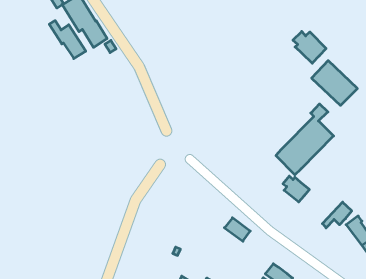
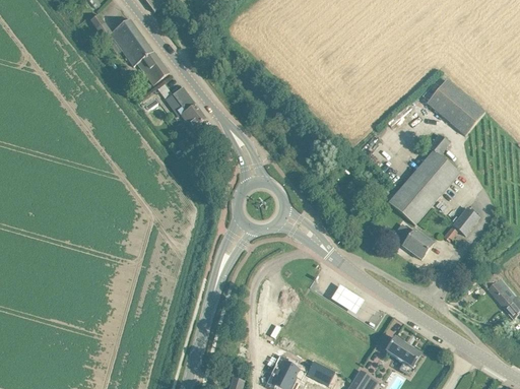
building: [49,21,86,59] -> [158,83,206,129]
building: [293,31,326,63] -> none
building: [322,202,352,228] -> [444,208,479,242]

